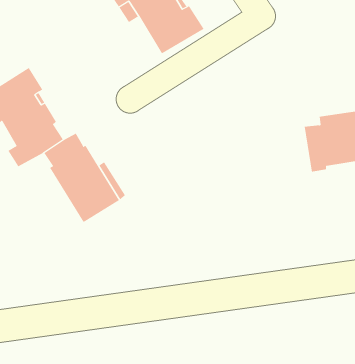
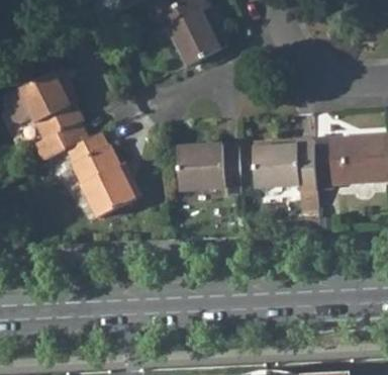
building: none -> [252,138,316,210]
building: none -> [176,143,239,193]

